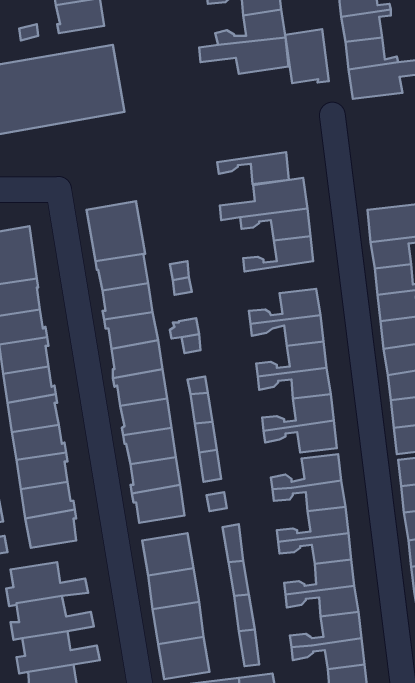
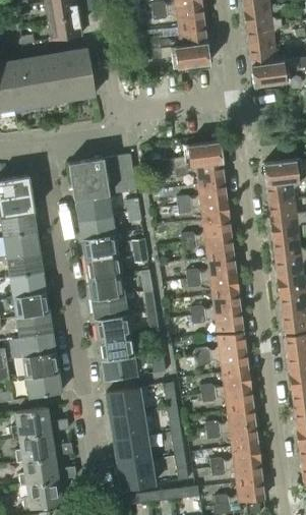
building: [285,29,329,83] -> none
building: [217,152,289,184] -> [178,198,228,221]
building: none -> [103,154,136,193]

